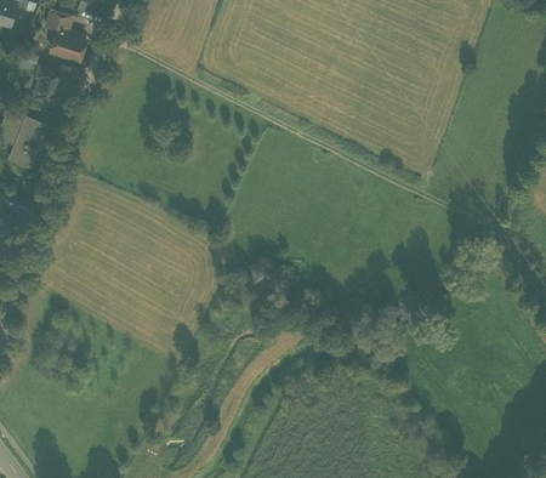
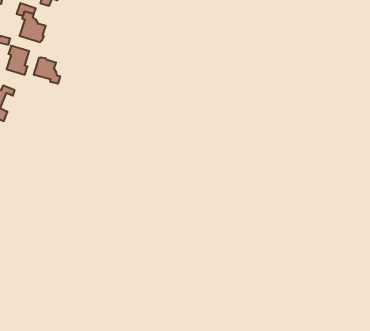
building: none -> [34,57,60,84]

